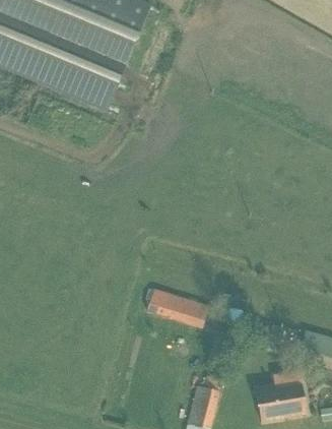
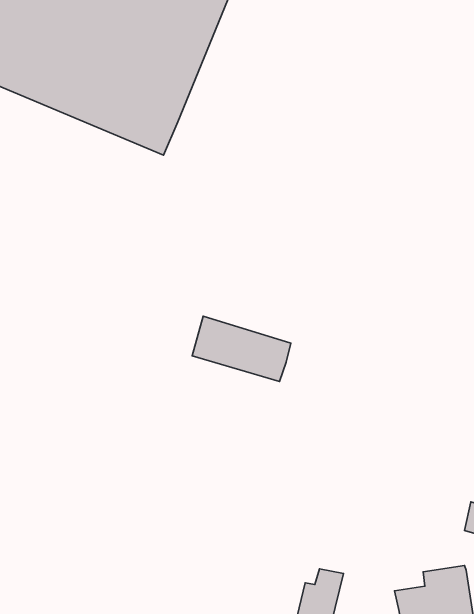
building: [145,286,208,327] -> [192,316,291,381]

